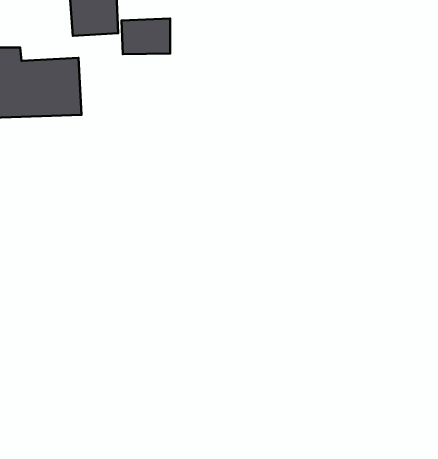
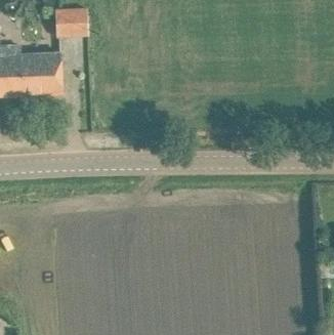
building: [121,19,170,54] -> none

